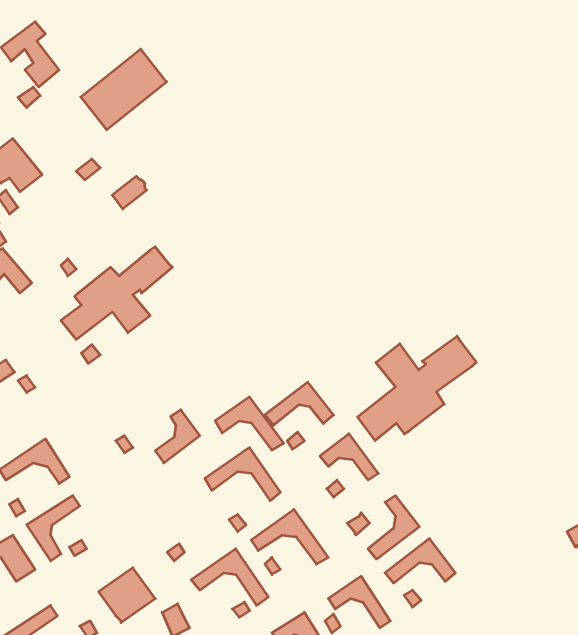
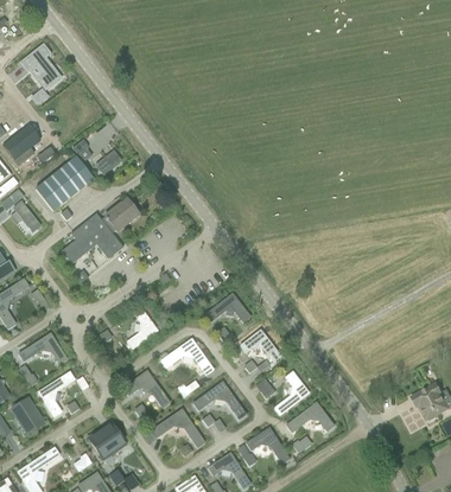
building: [81,49,167,130] -> [34,155,94,211]
building: [358,336,476,441] -> none
building: [215,397,284,450] -> [122,370,170,407]

